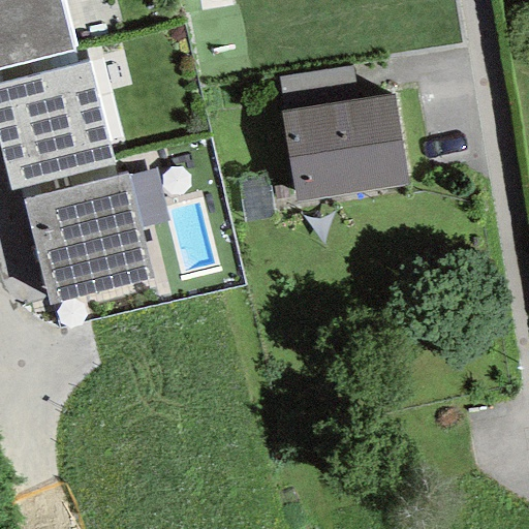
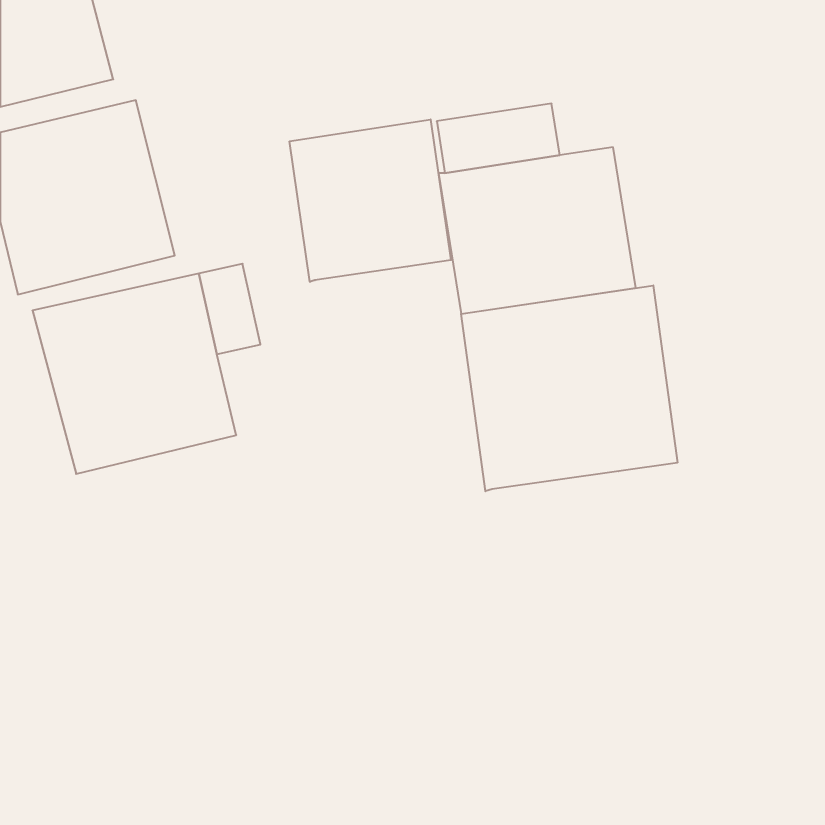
building: none -> [290,119,451,282]
building: none -> [461,285,677,491]

